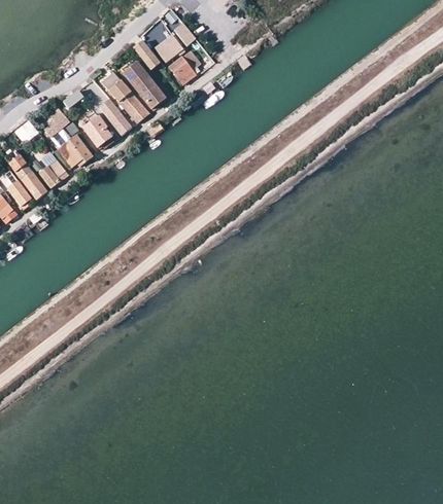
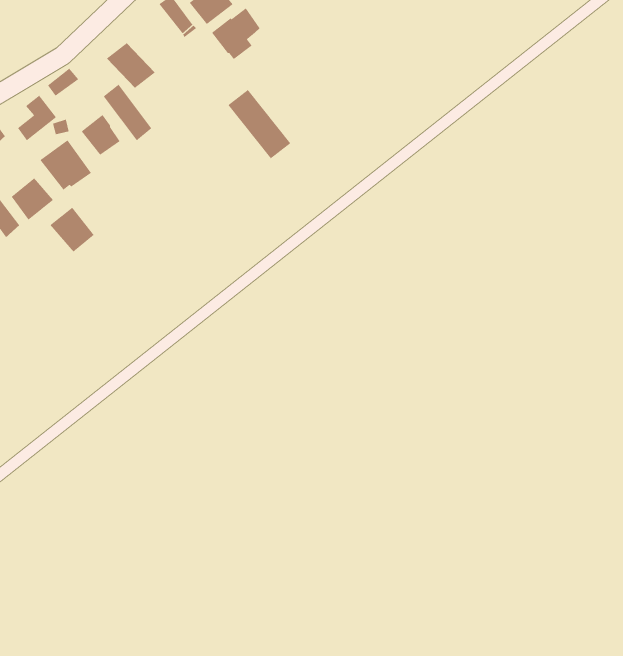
building: [124,63,165,108] -> [227,89,291,159]
building: [120,94,148,123] -> none
building: none -> [50,207,94,253]

